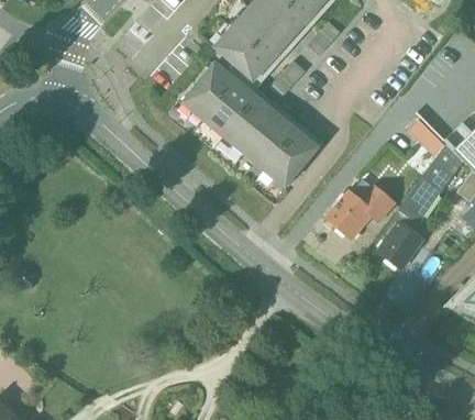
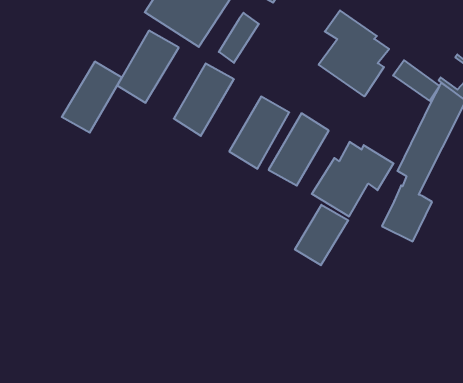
building: none -> [319,10,389,96]
building: [202,80,256,137] -> [62,62,122,133]
building: [243,113,297,172] -> [269,113,329,186]
building: none -> [295,205,348,265]

